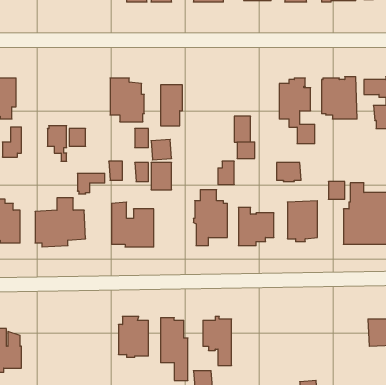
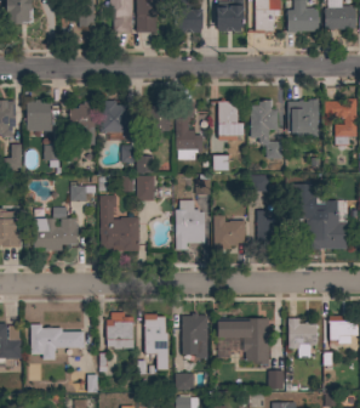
building: none -> [25,100,51,127]
building: none -> [217,100,238,130]
building: none -> [70,102,95,146]
building: none -> [175,102,202,160]
building: none -> [217,318,268,364]
building: none -> [287,319,316,358]
building: none -> [30,324,84,361]

